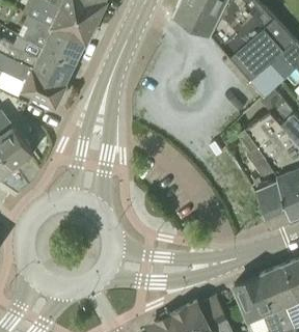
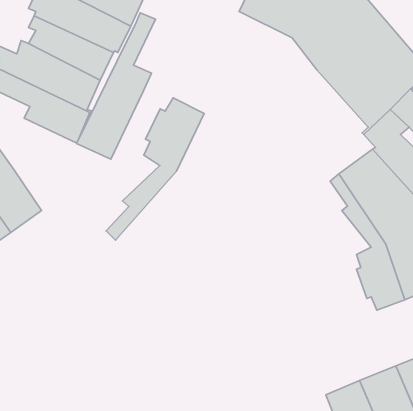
building: none -> [77,13,155,159]
building: none -> [106,98,204,240]

